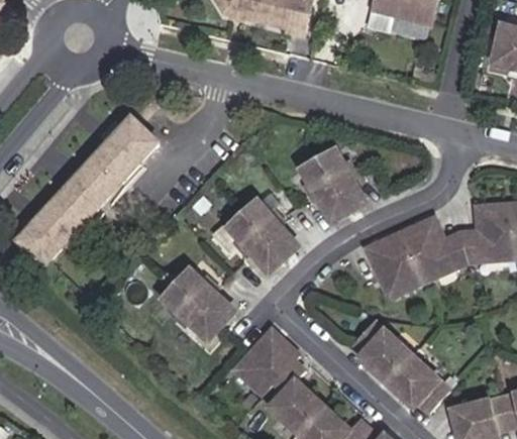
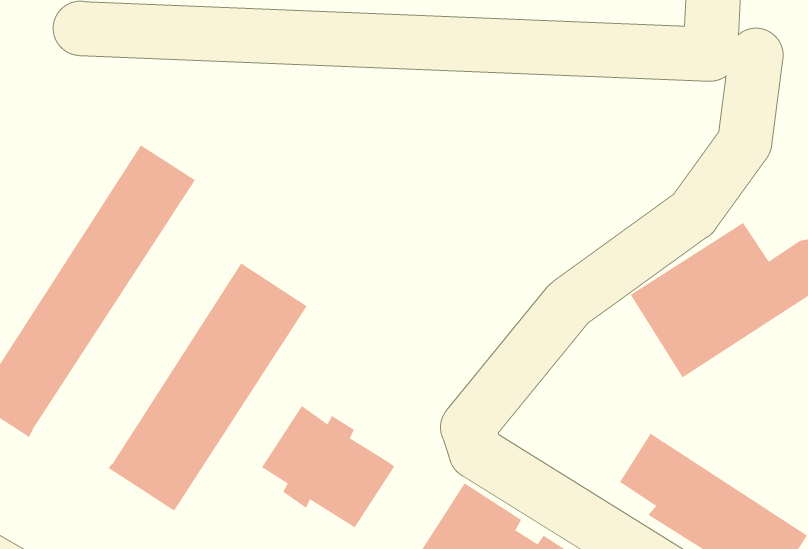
building: [300,148,367,221] -> none
building: none -> [108,263,308,511]
building: [227,204,298,276] -> none

